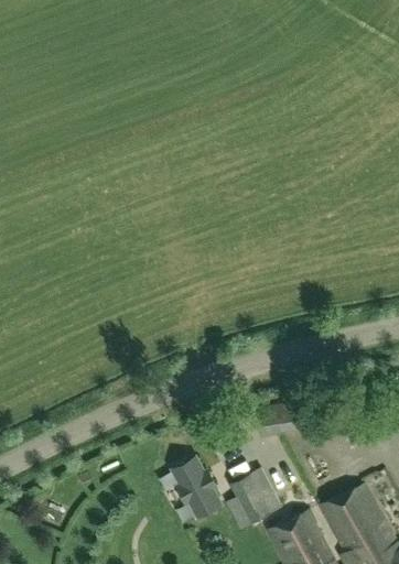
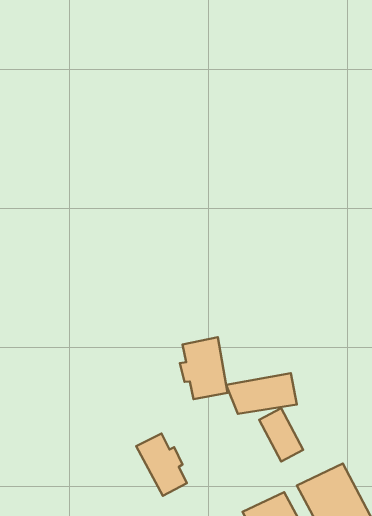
building: none -> [180,337,228,399]
building: [231,474,273,524] -> [259,408,303,461]

